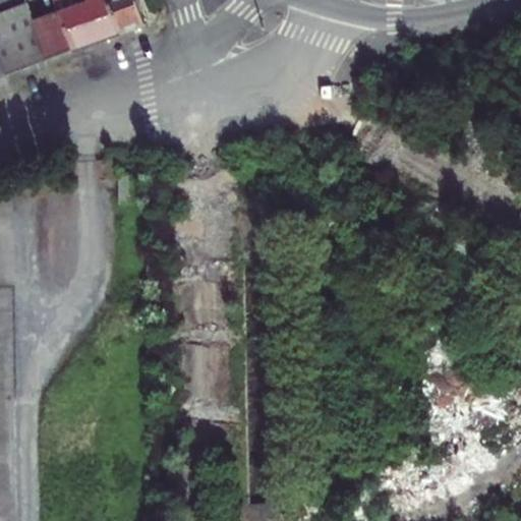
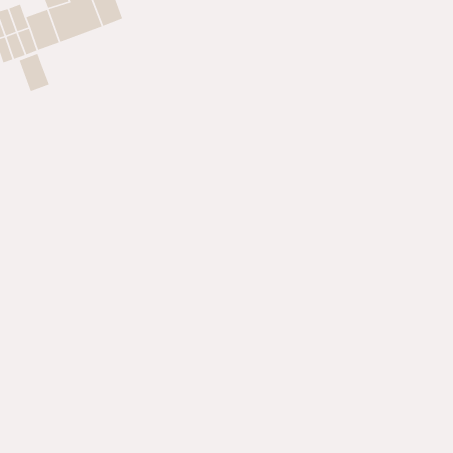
building: none -> [18,53,50,92]

